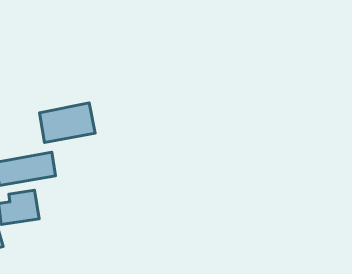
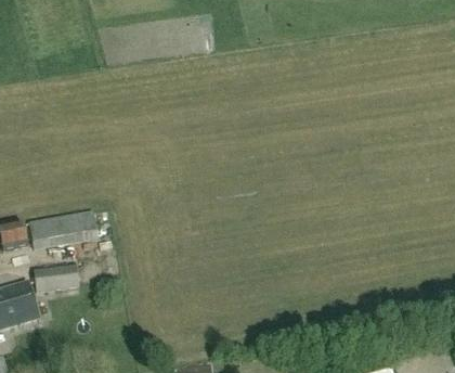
building: [40,103,95,142] -> none

